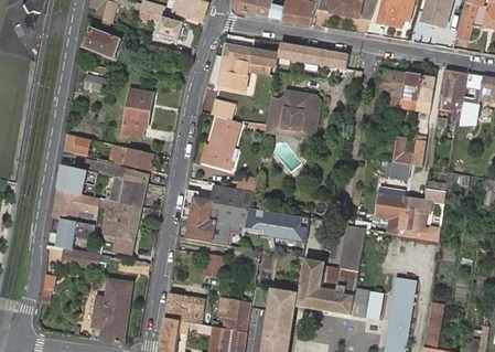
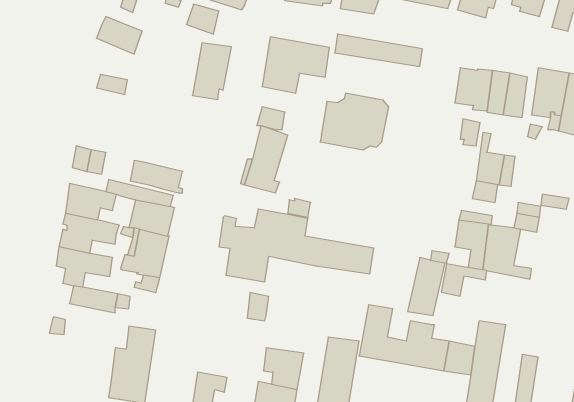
building: [120,89,152,136] -> [192,43,231,99]
building: [320,266,357,292] -> [441,264,487,296]
building: [164,291,205,323] -> none

